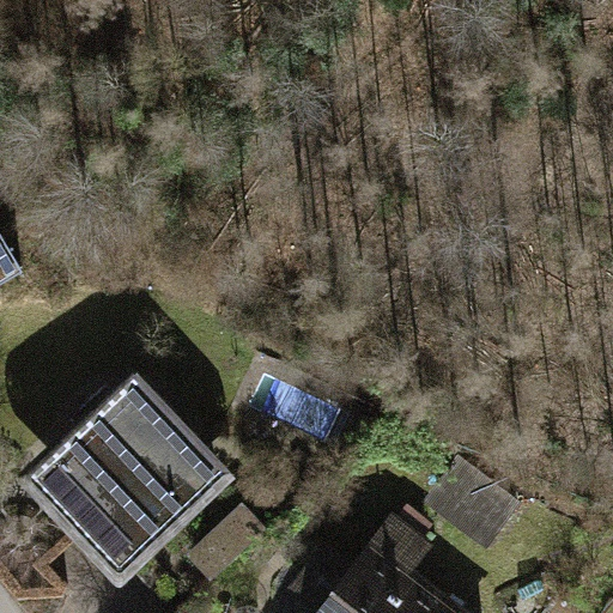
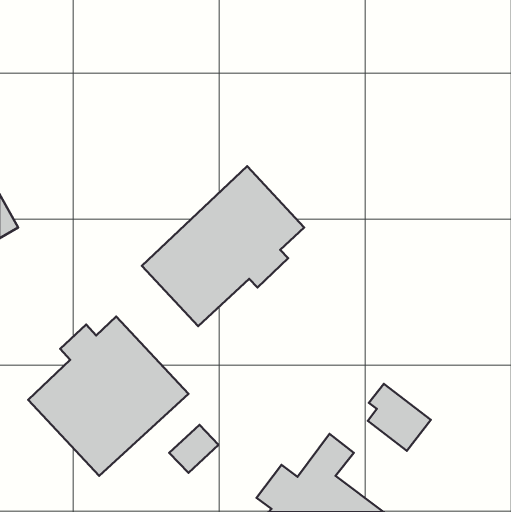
building: none -> [142,166,304,326]

